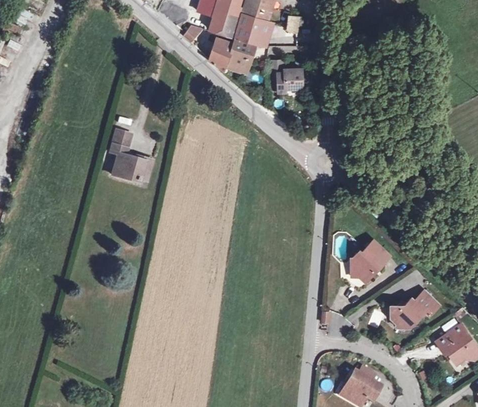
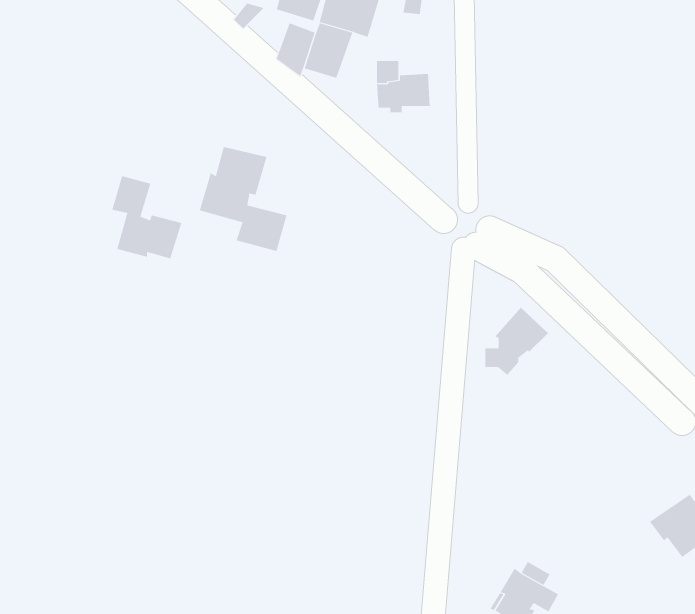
building: none -> [199,146,287,252]
building: [351,240,390,282] -> [485,307,549,376]
building: [390,291,436,328] -> none

